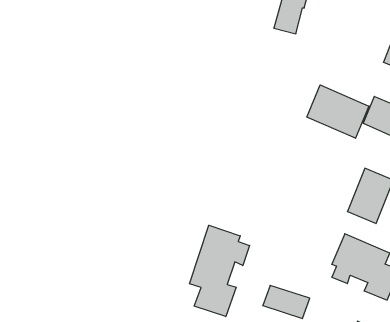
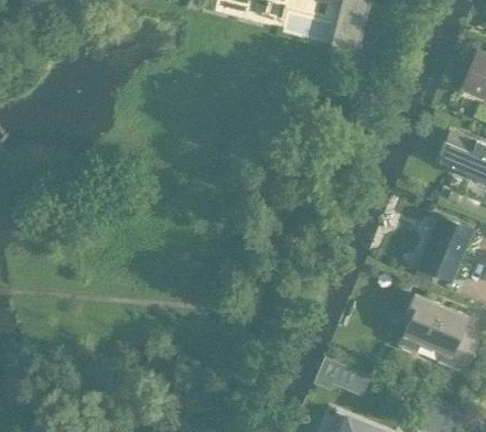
building: [307,85,369,138] -> none
building: [190,225,250,317] -> none

